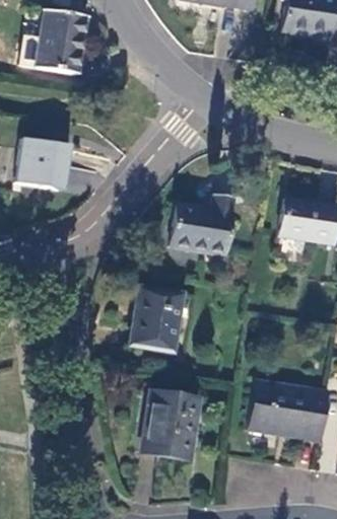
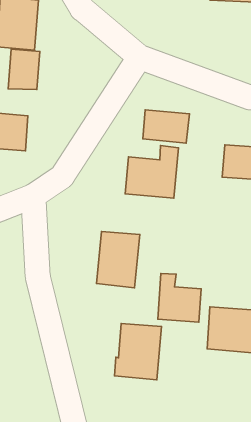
building: none -> [8,49,40,90]
building: none -> [143,110,189,143]
building: none -> [158,273,201,322]

